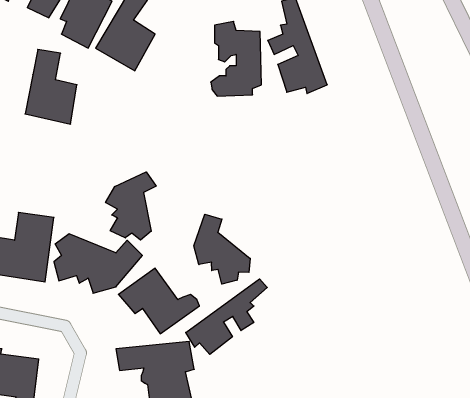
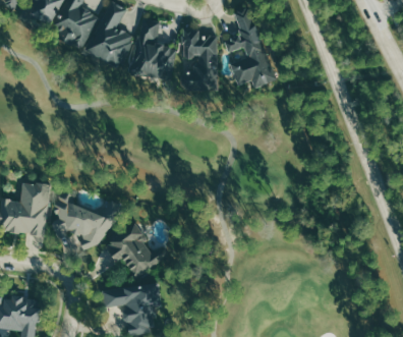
building: [25,49,77,124] -> [132,18,174,78]
building: [106,172,156,240] -> none
building: [194,214,250,284] -> none
building: [186,279,267,354] -> none

